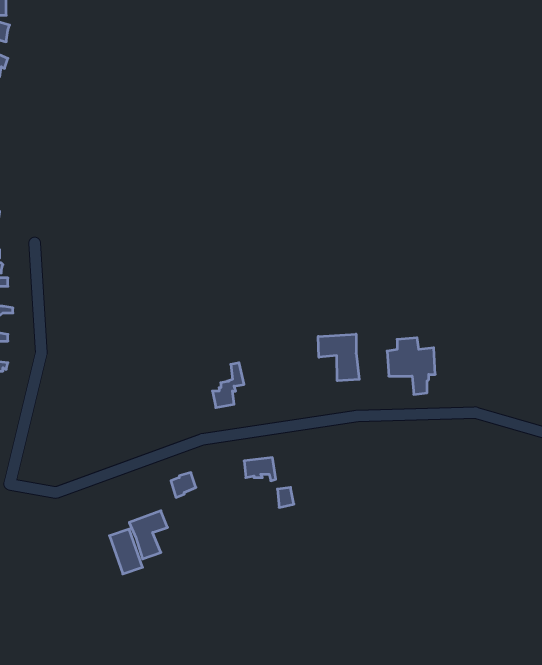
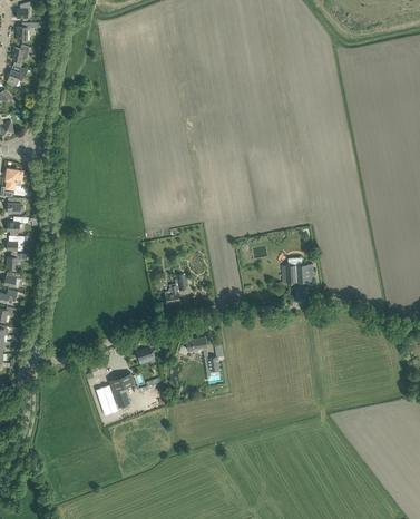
building: [318,334,359,381] -> none

